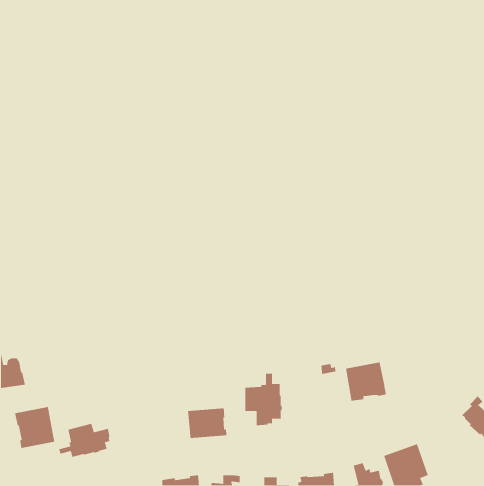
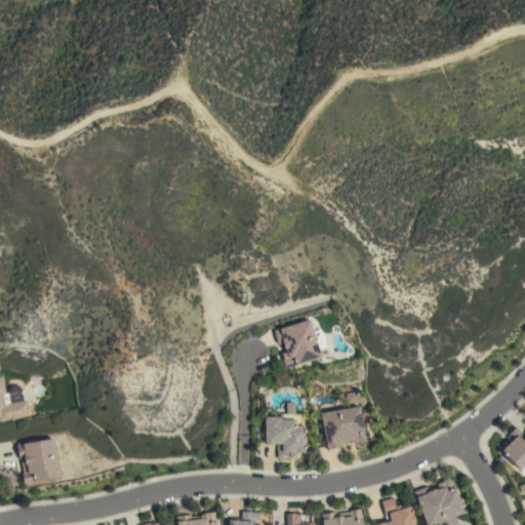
building: none -> [275,320,327,369]
building: [345,362,387,402] -> [322,406,367,449]
building: [187,407,227,439] -> none
building: [58,423,111,458] -> none

